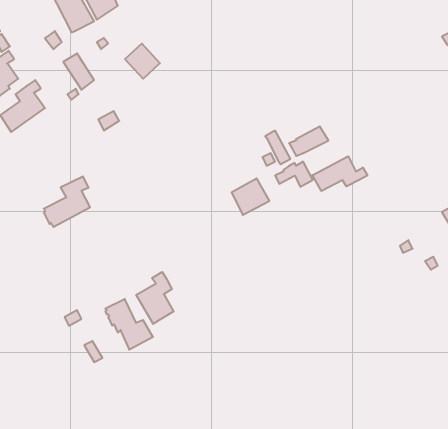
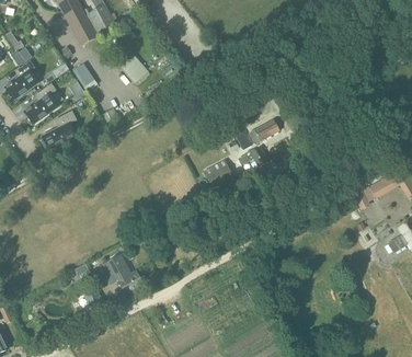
building: [312,156,367,191] -> none
building: [44,176,90,227] -> [41,111,77,150]
building: [136,272,174,324] -> none

